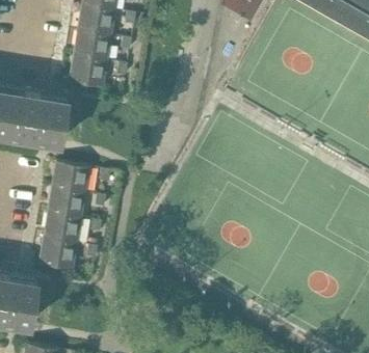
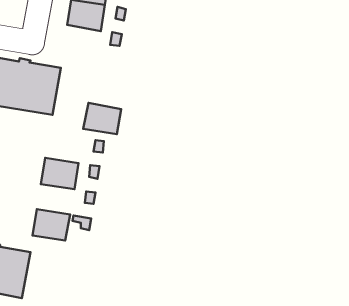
building: [69,55,106,86] -> none
building: [51,161,88,192] -> [83,103,121,134]
building: [43,213,80,243] -> none

